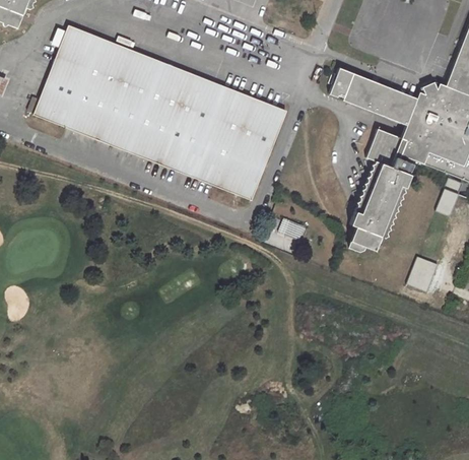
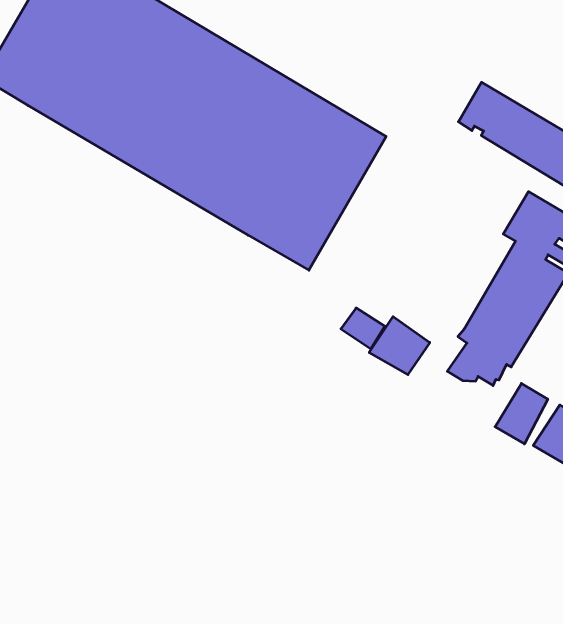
building: none -> [369,317,430,375]
building: none -> [495,383,548,444]

